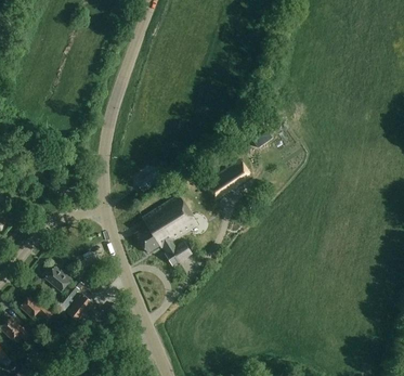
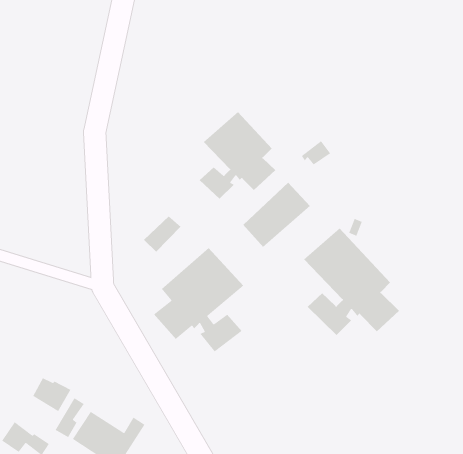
building: none -> [199,111,276,200]
building: none -> [303,228,400,336]

